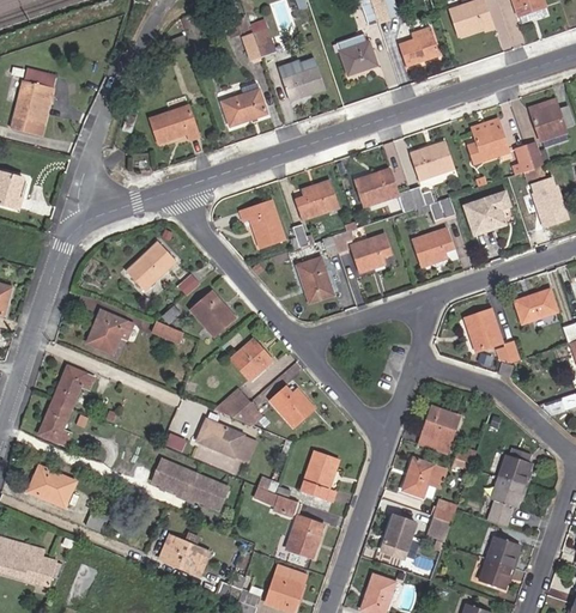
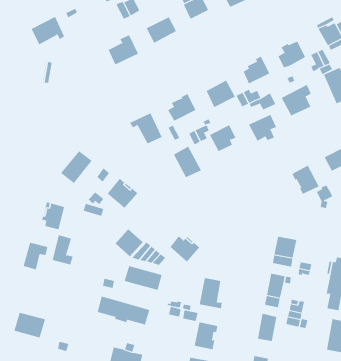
building: [148,105,196,144] -> [31,16,65,45]
building: [231,338,273,380] -> [115,229,143,257]
building: [40,399,73,445] -> [52,235,74,265]

